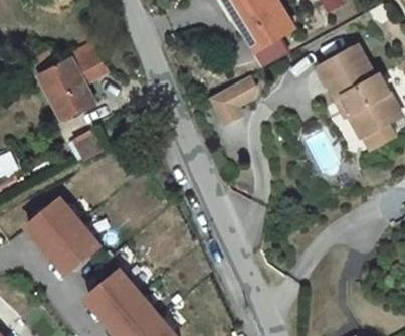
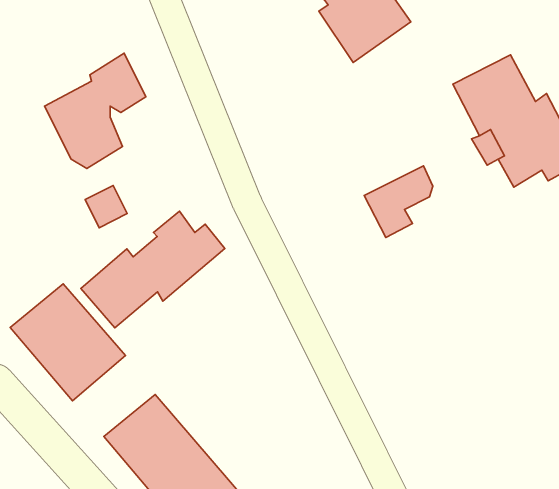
building: [204,78,248,125] -> [364,166,433,237]
building: none -> [81,211,225,328]

